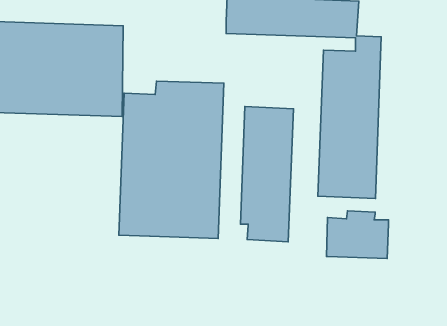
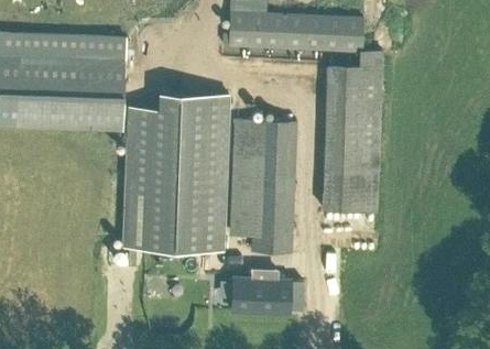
building: [326,211,388,259] -> [230,269,292,316]

